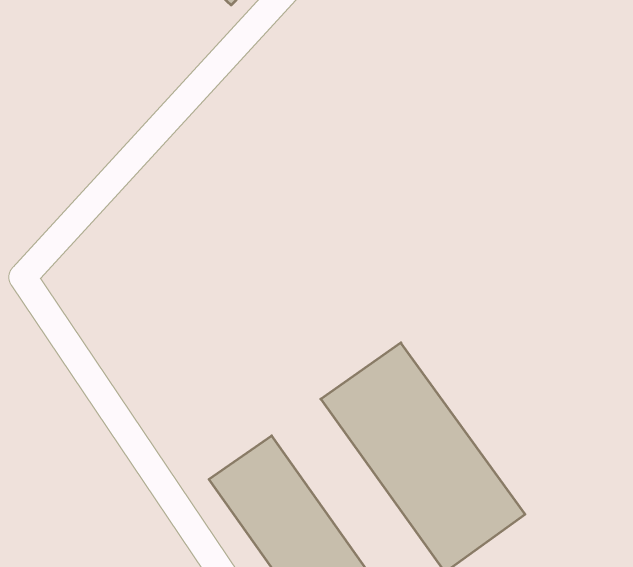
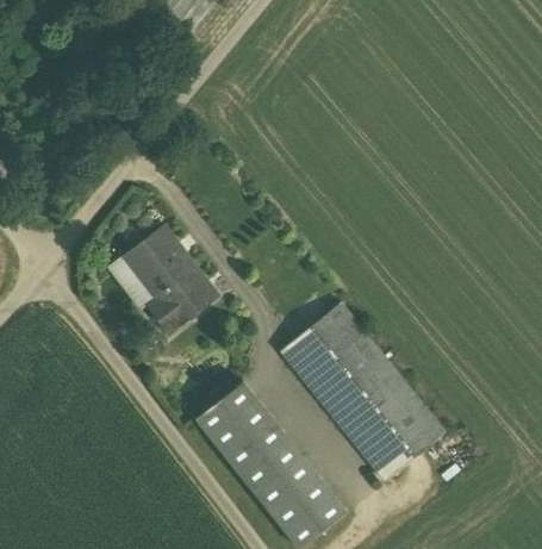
building: none -> [122,223,218,333]

